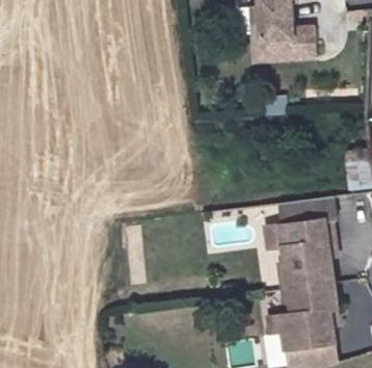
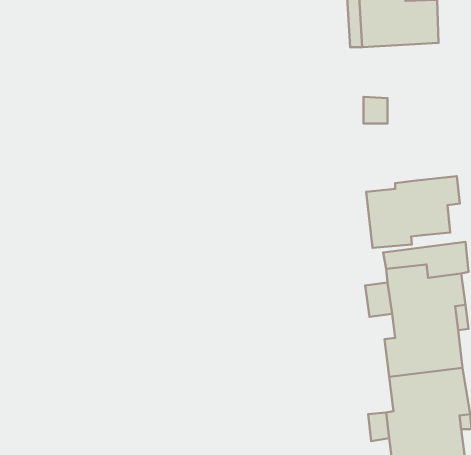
building: none -> [366,176,460,248]

